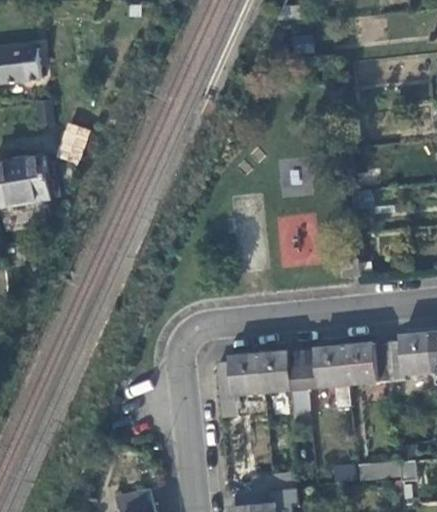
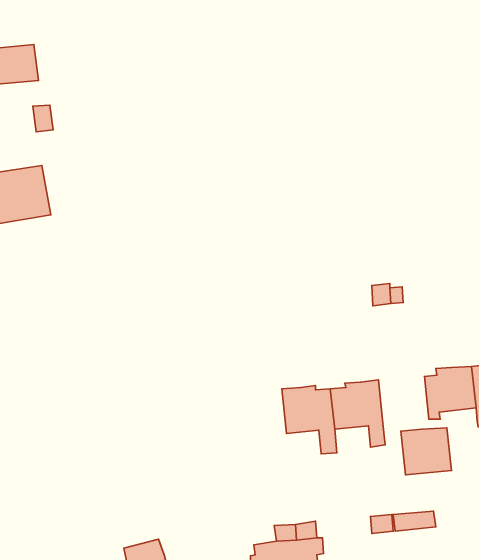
building: [58,122,88,162] -> none
building: [347,342,392,384] -> [401,428,451,475]
building: [219,353,265,416] -> none

